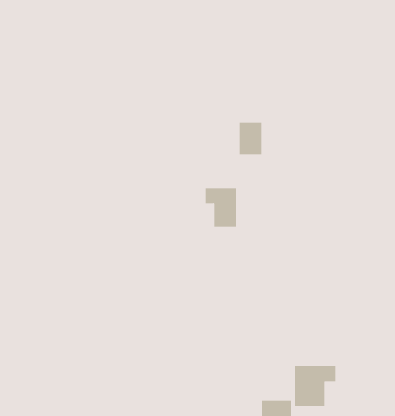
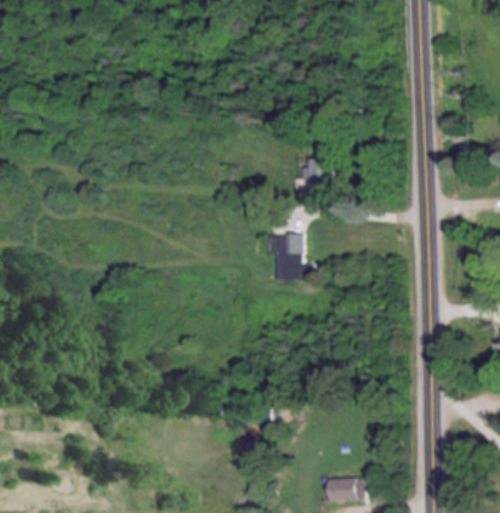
building: [295,365,336,407] -> none

